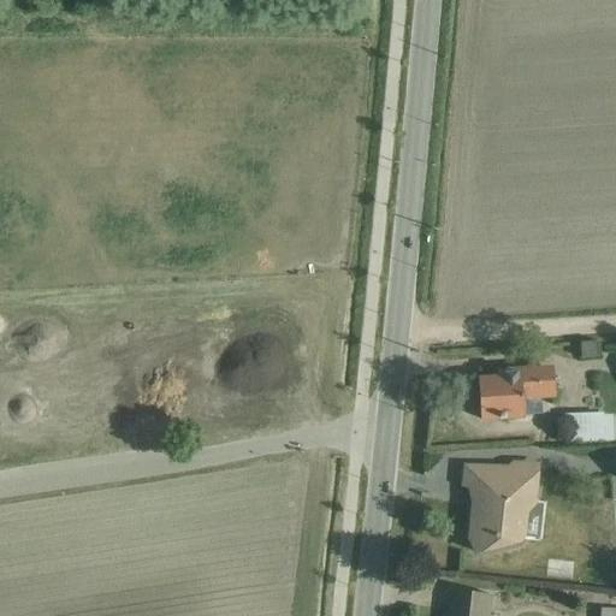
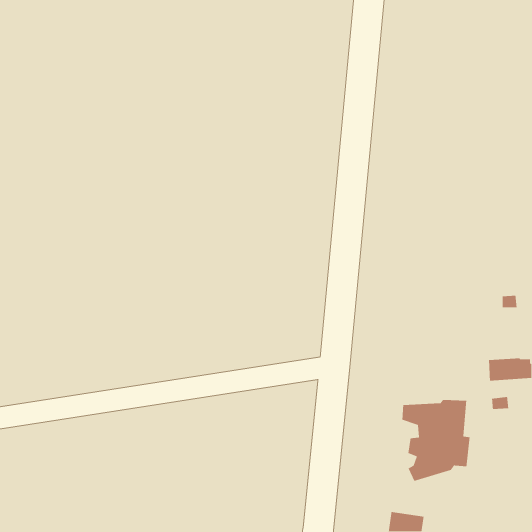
building: [475,365,552,417] -> none

